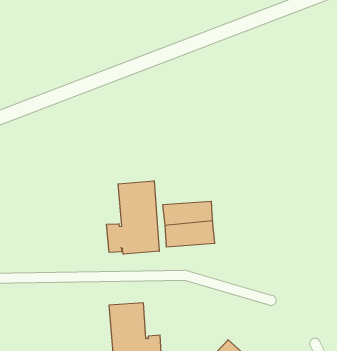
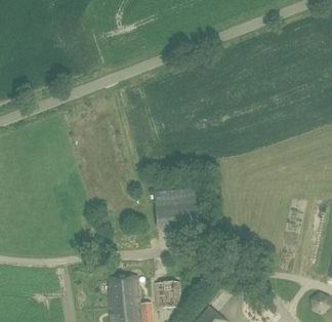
building: [106,181,159,254] -> none
building: none -> [155,281,180,308]

